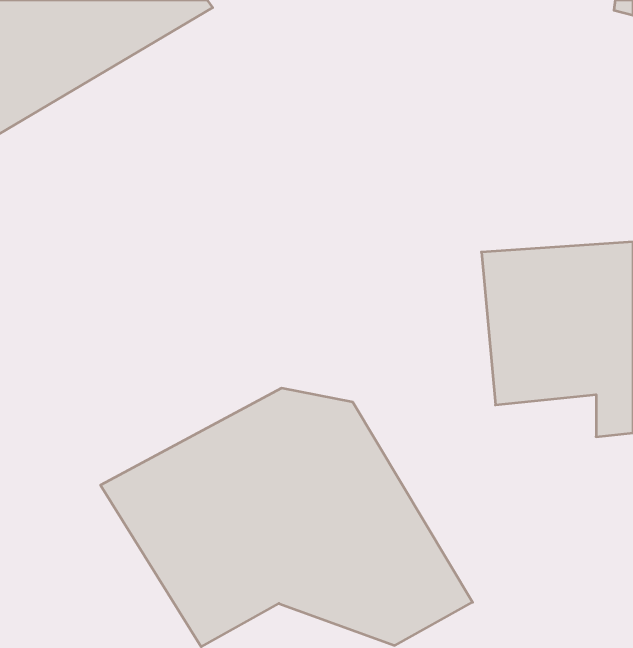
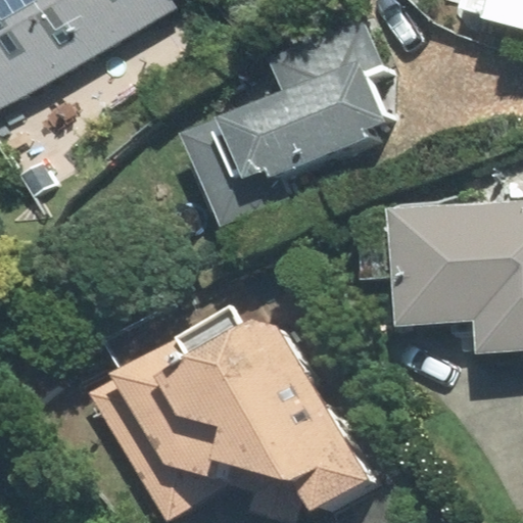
building: none -> [183,21,403,226]

